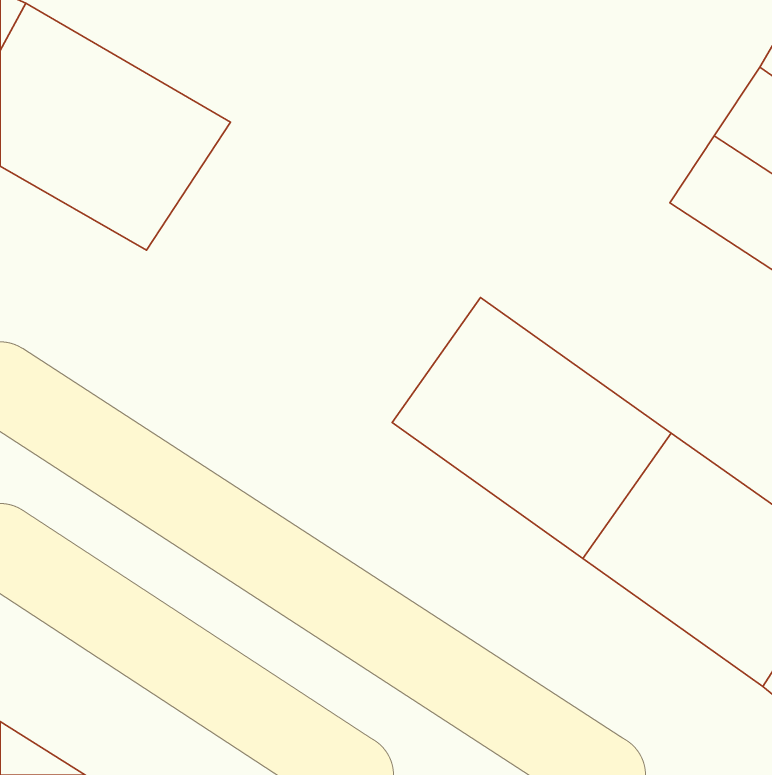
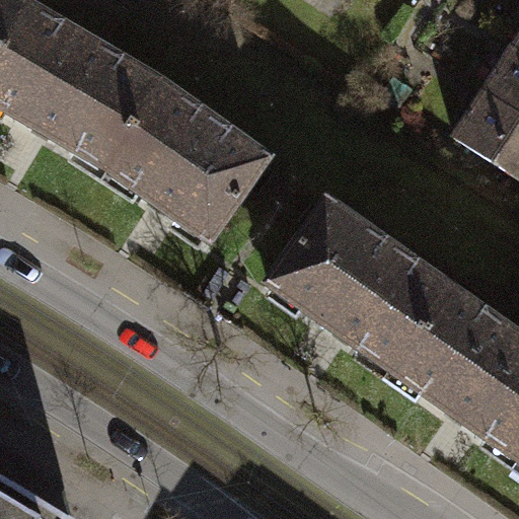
building: none -> [102,81,267,241]

